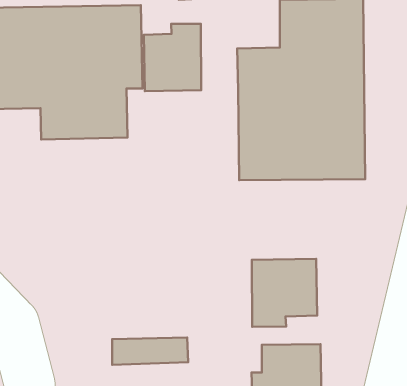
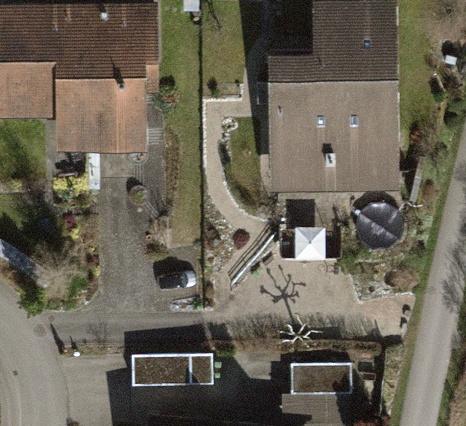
building: [144,24,201,91] -> none
building: [252,259,317,327] -> none

